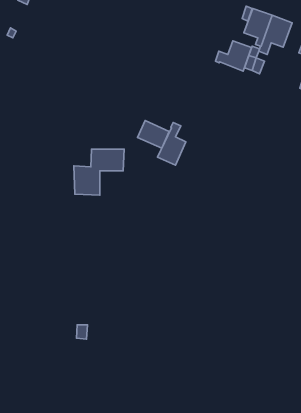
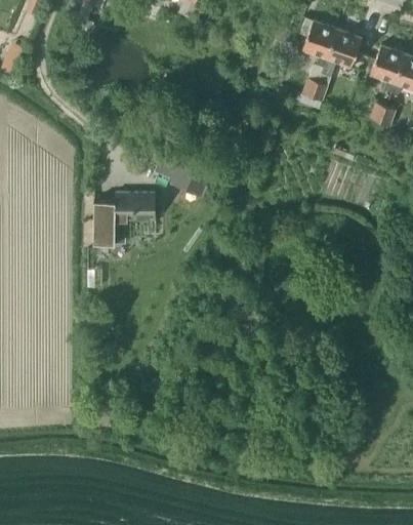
building: [216,41,252,71] -> none
building: [158,123,186,165] -> none

